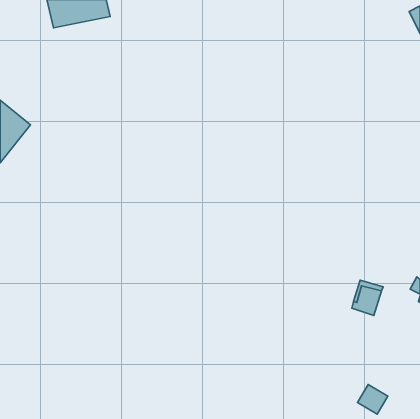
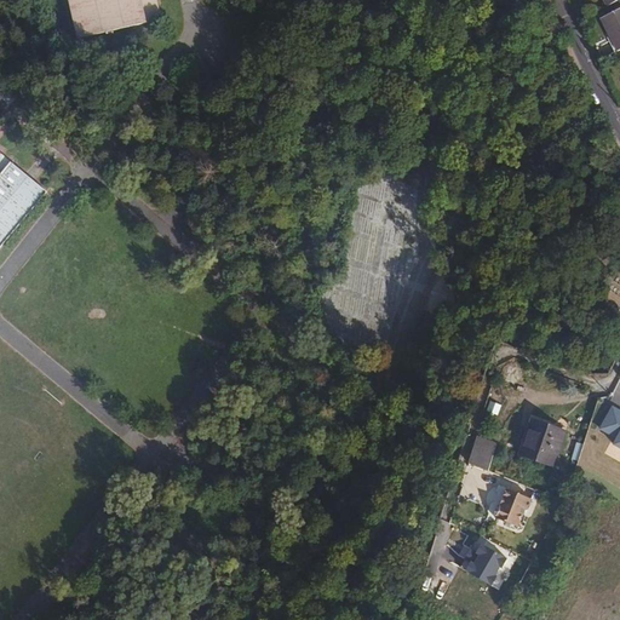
building: none -> [465,434,493,466]
building: none -> [492,486,528,523]
building: [357,385,388,414] -> [466,542,511,586]

